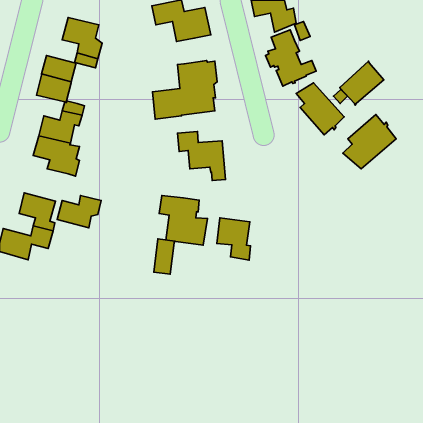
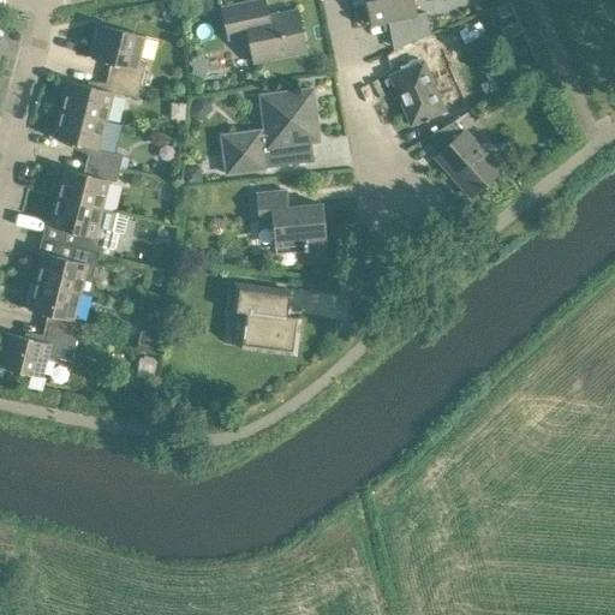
building: [340,61,384,105] -> none
building: [343,115,396,169] -> none
building: [57,196,101,228] -> [35,245,98,292]
building: [217,218,250,260] -> none
building: [154,239,175,274] -> none

